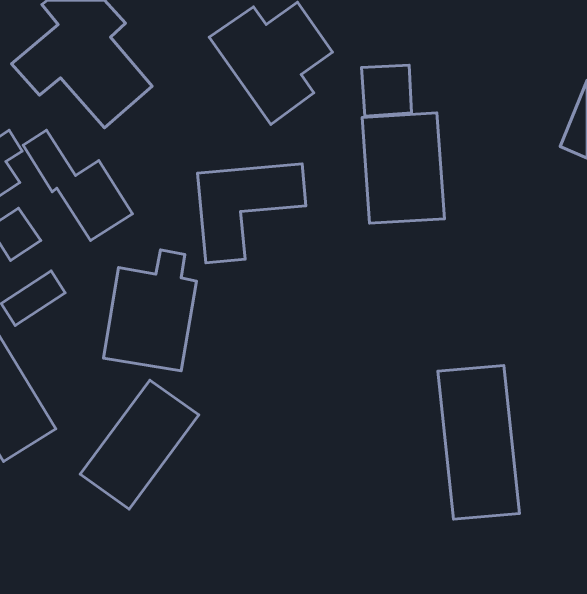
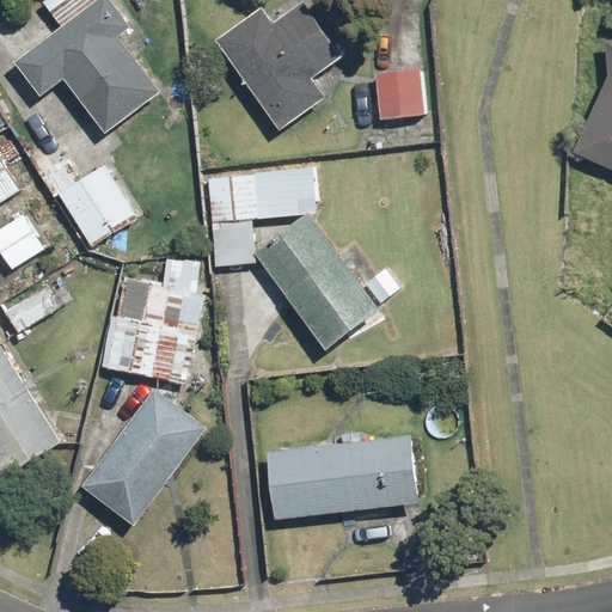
building: [362,113,444,223] -> none
building: none -> [252,213,381,349]
building: [438,366,520,519] -> none
building: none -> [267,435,420,519]

